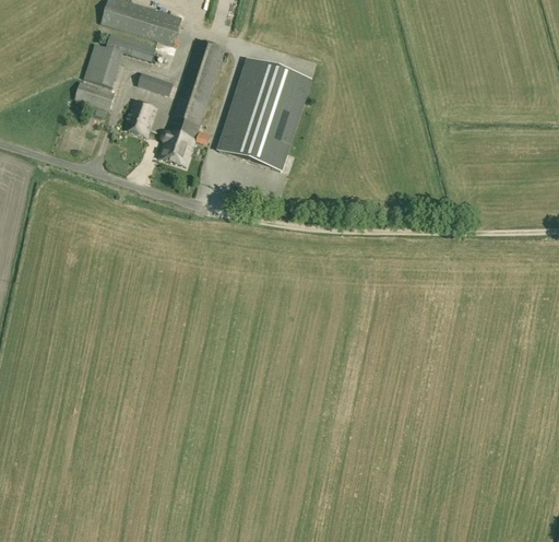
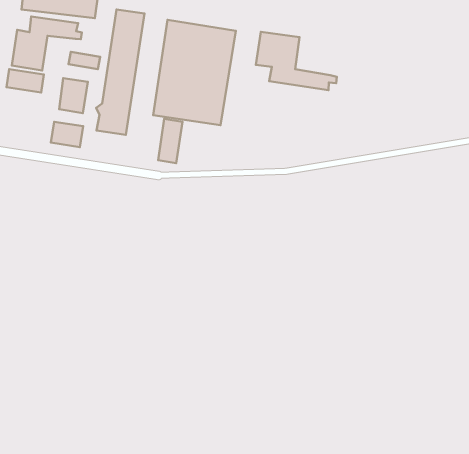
building: none -> [256,32,337,90]
building: none -> [51,122,83,147]
building: none -> [158,119,182,163]

